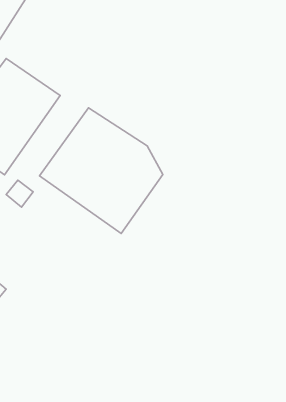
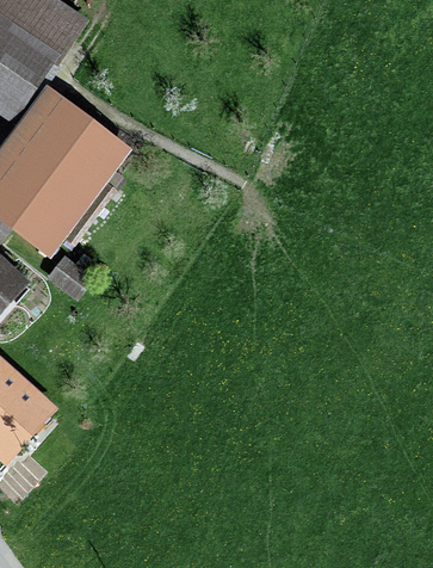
building: [39,108,163,233] -> none

